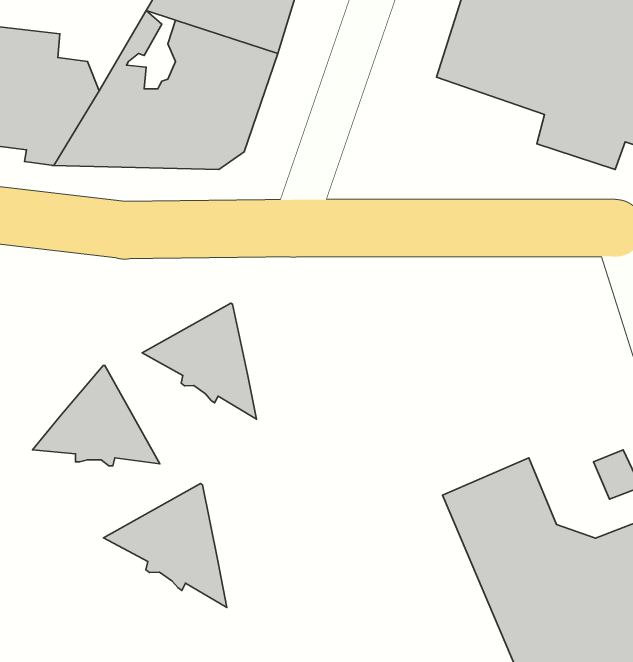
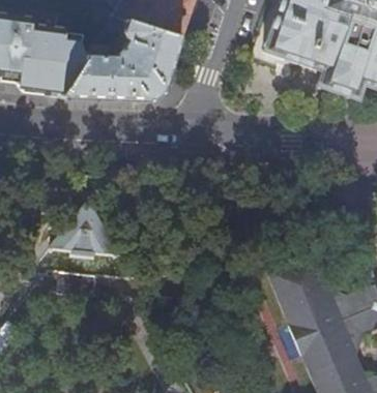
building: [142,303,256,419] -> none
building: [104,483,227,608] -> none

